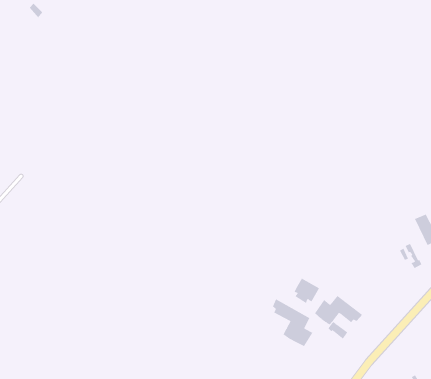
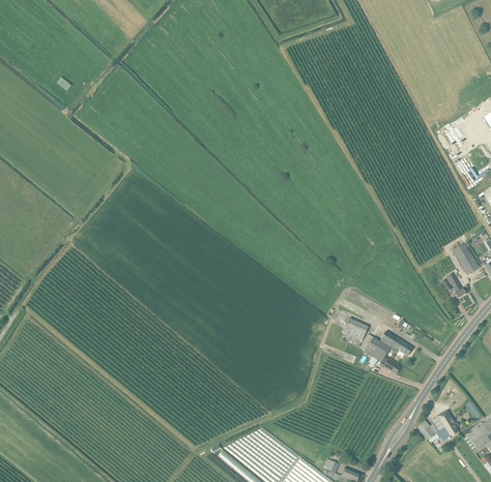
building: [272,298,313,347] -> none

